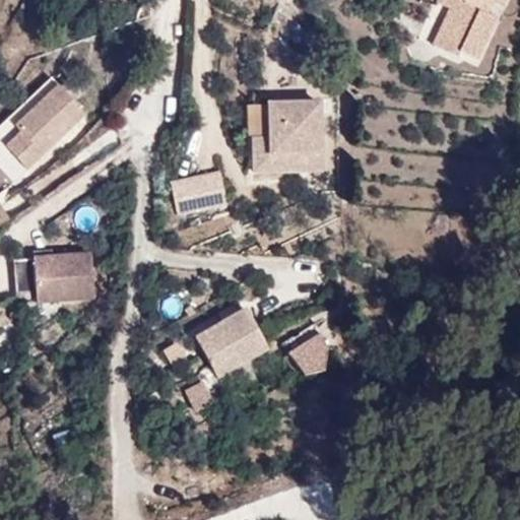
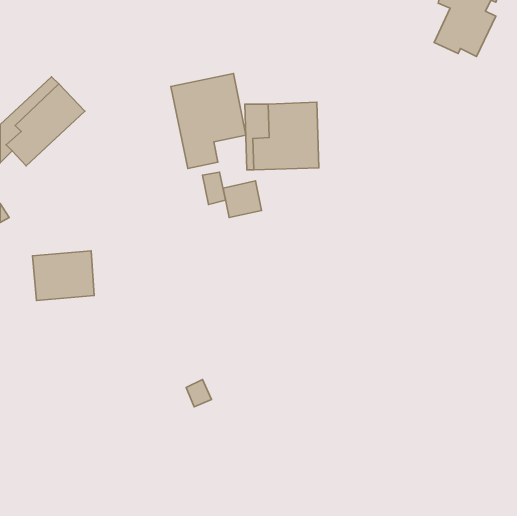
building: none -> [171,73,246,168]
building: [171,176,209,212] -> [223,181,262,217]
building: [195,309,268,376] -> none
building: [288,335,326,374] -> none

